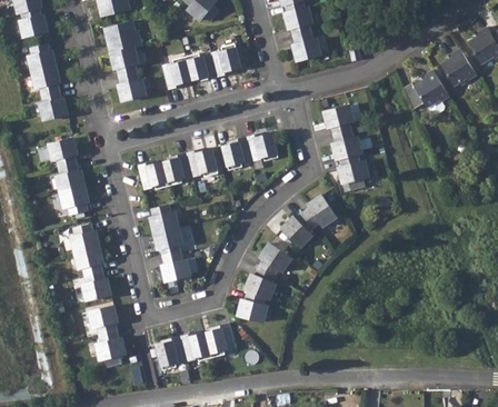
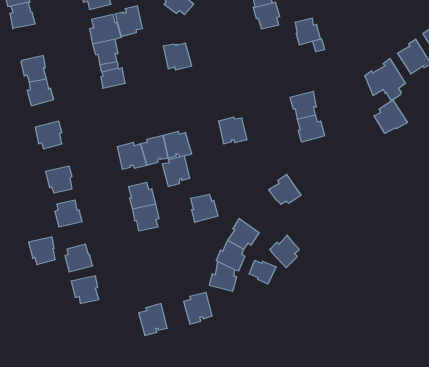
building: [293,32,321,61] -> [295,18,321,45]
building: [28,42,57,72] -> none
building: [211,43,241,77] -> none
building: [162,56,192,89] -> [115,6,143,37]
building: none -> [374,100,408,133]
building: [222,137,252,170] -> [162,156,190,186]
building: [339,153,368,190] -> none
building: [54,161,84,191] -> none
building: [282,211,315,247] -> [270,235,299,268]
building: [73,246,102,276] -> [29,237,55,265]
building: [160,251,190,281] -> [190,194,218,222]
building: none -> [249,260,276,284]
building: [94,330,124,366] -> none
building: [185,331,216,361] -> none

